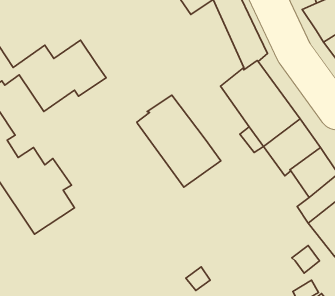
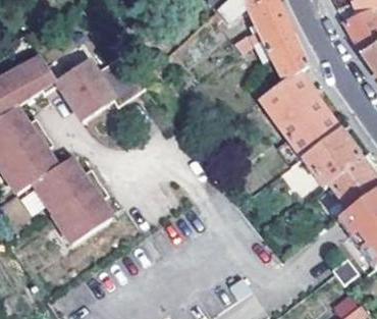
building: [137,95,221,187] -> none

